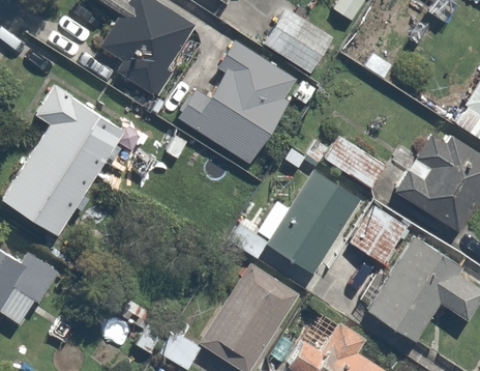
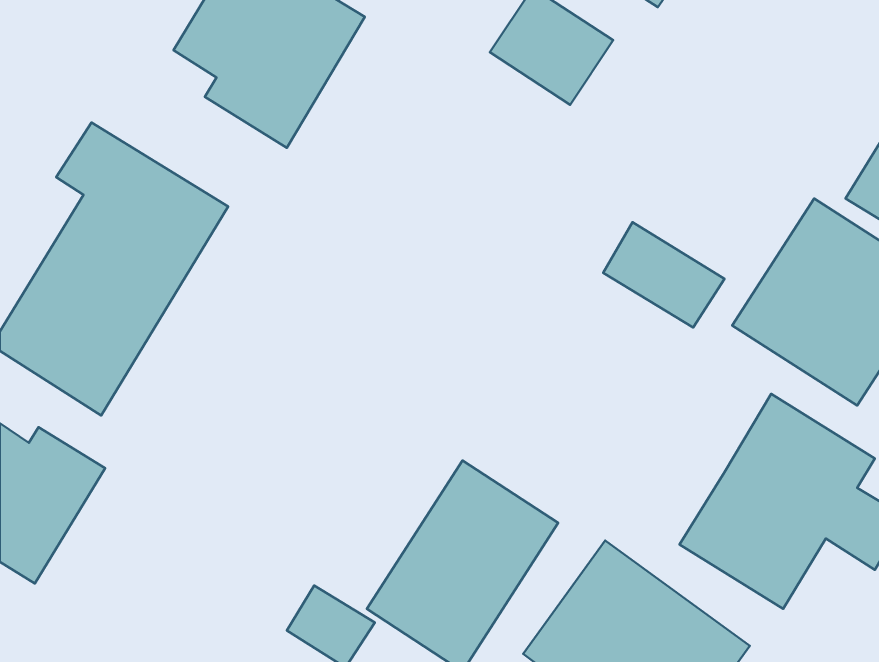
building: [176,37,297,165] -> none
building: [229,167,360,295] -> none
building: [350,205,413,269] -> none

